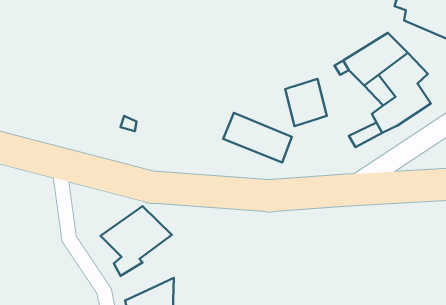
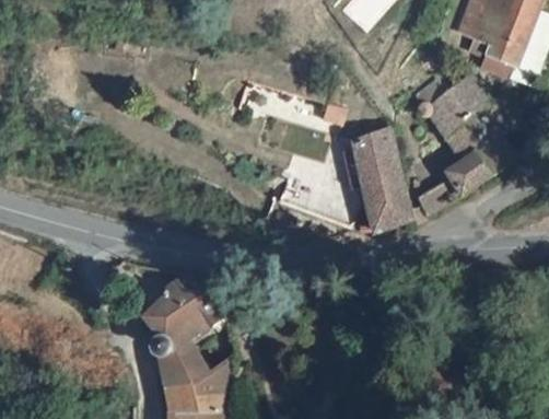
building: none -> [359,172,410,232]
building: none -> [159,340,201,384]

